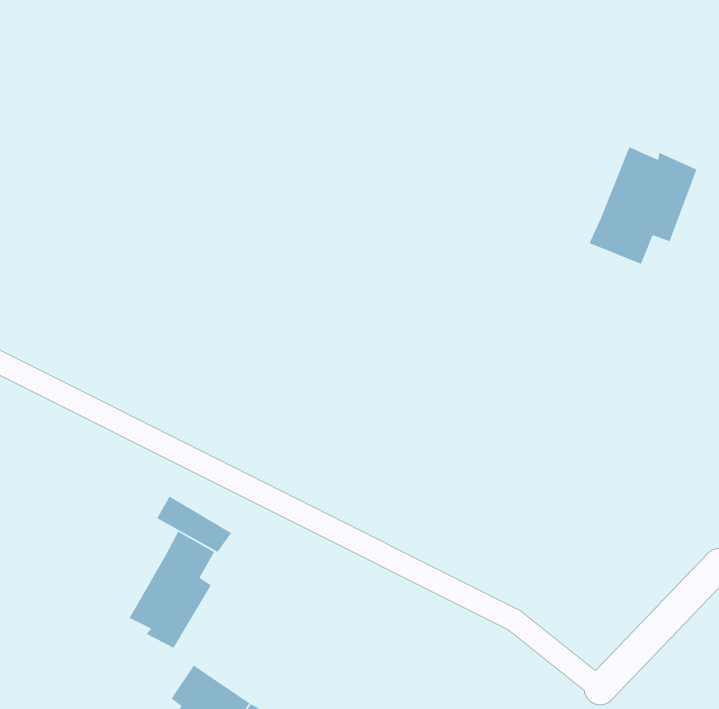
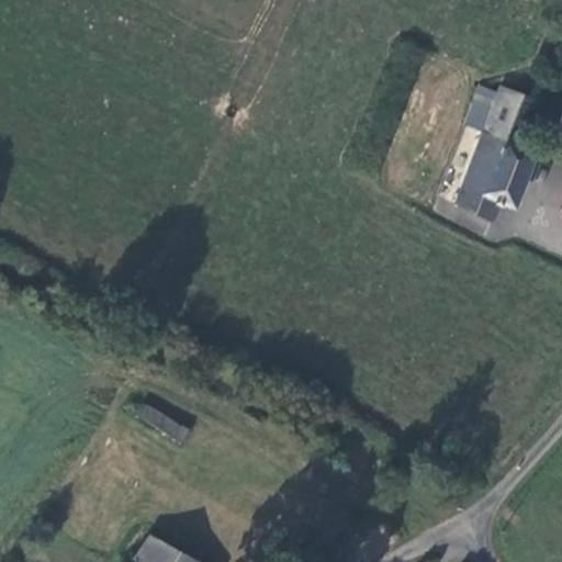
building: none -> [482,85,522,139]
building: [129,531,215,649] -> none

